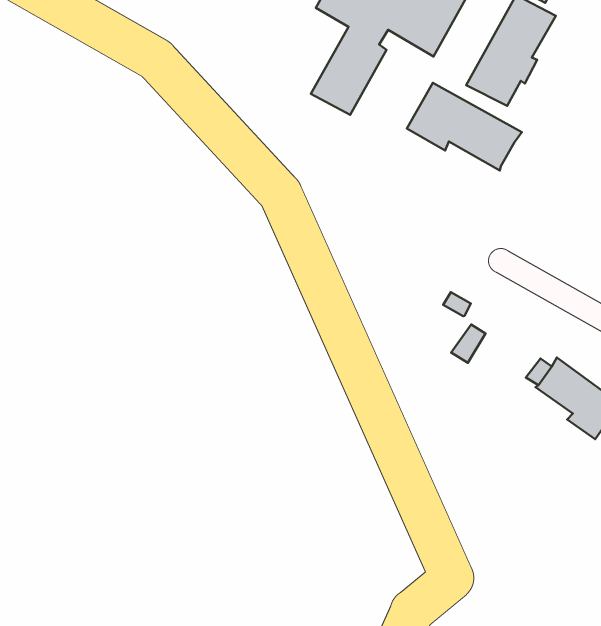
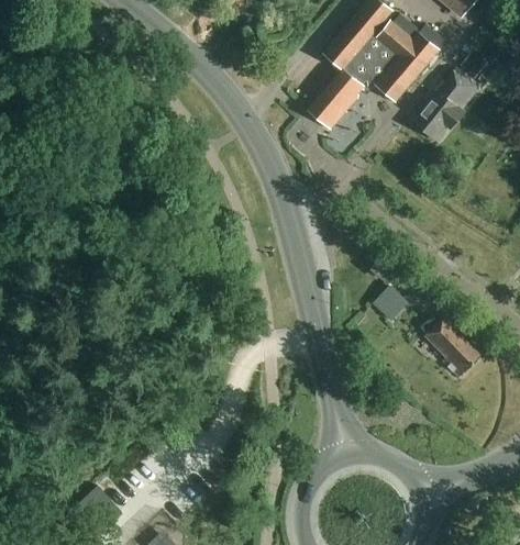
building: [407,83,522,171] -> none

